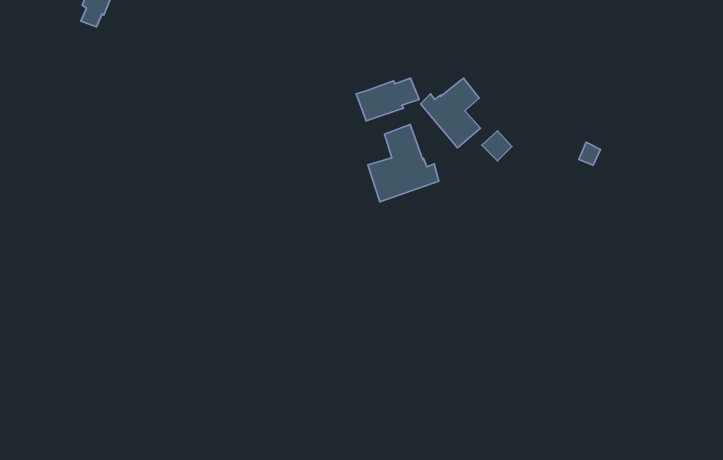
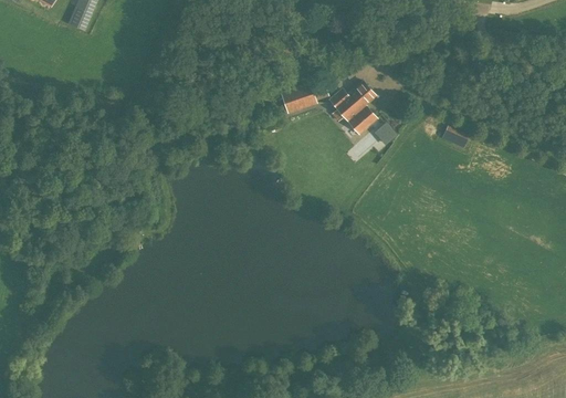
building: [368,124,439,202] -> none

